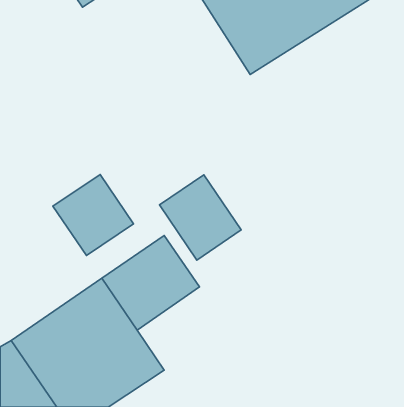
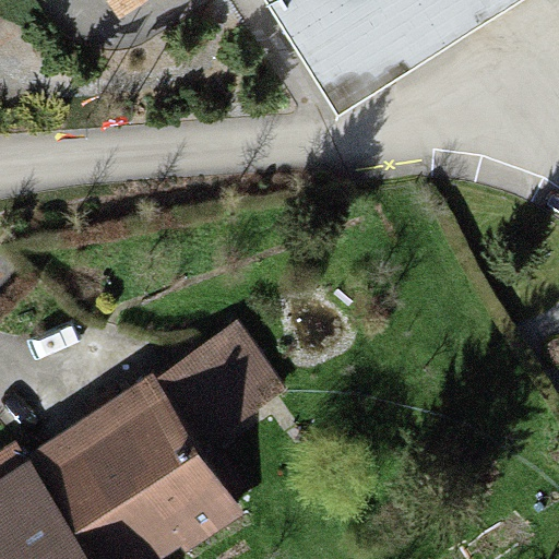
building: [53,175,133,256] -> none
building: [160,175,241,260] -> none

